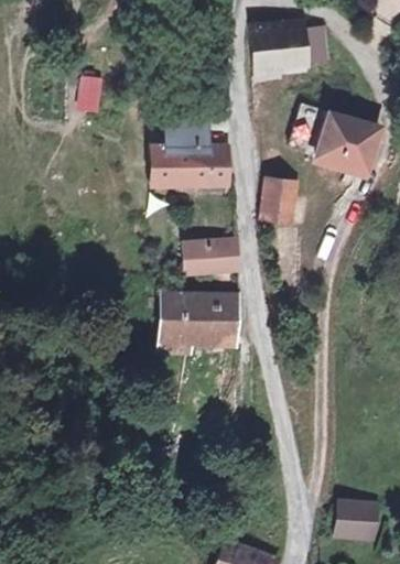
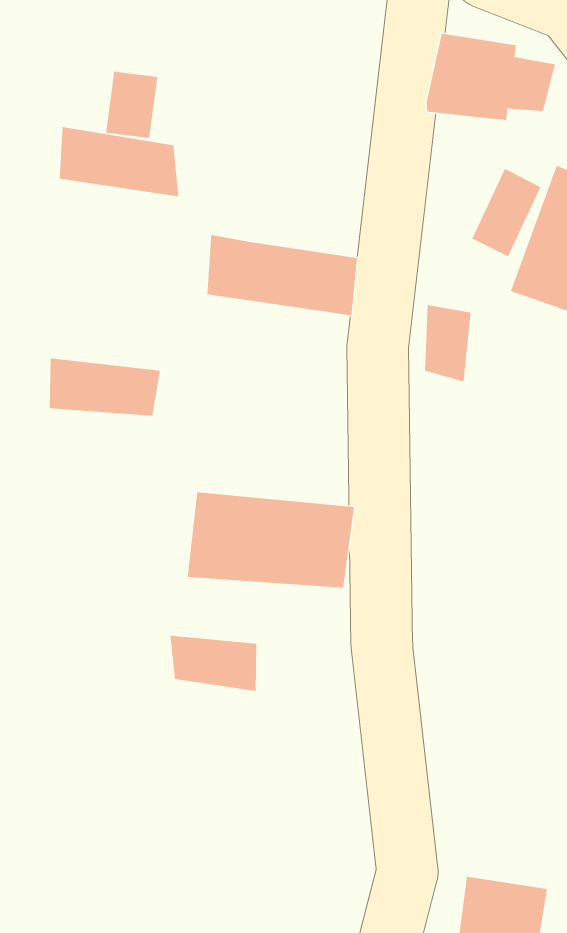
building: [164,128,235,159] -> [59,126,179,197]
building: [174,242,237,272] -> [49,357,161,417]
building: none -> [169,635,257,692]

